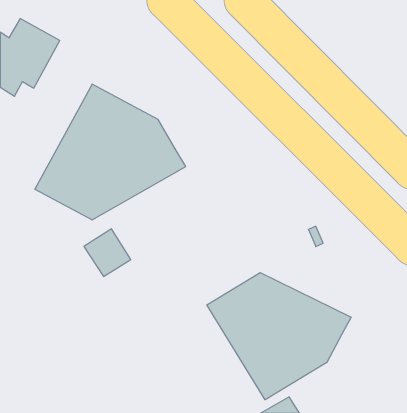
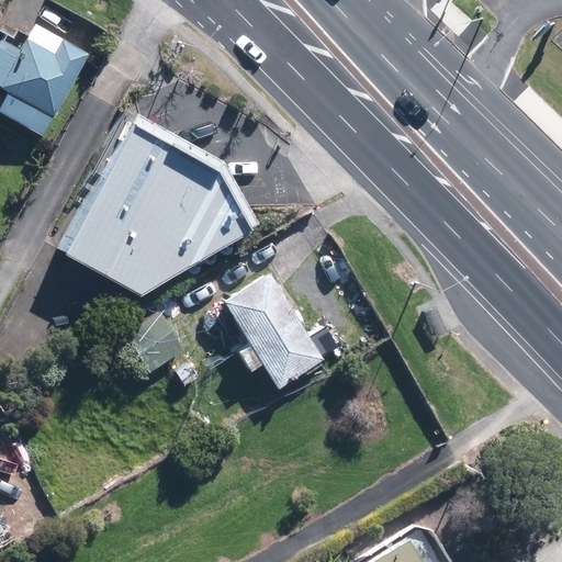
building: none -> [220,272,323,390]
building: [207,273,351,400] -> none

